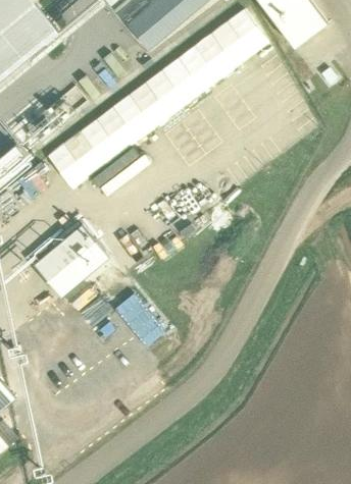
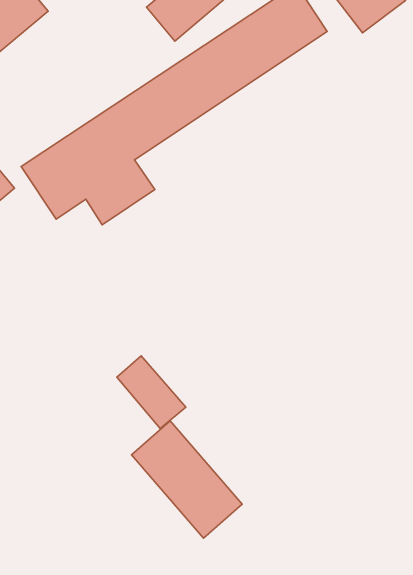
building: [34,228,105,295] -> none
building: none -> [131,421,242,538]

